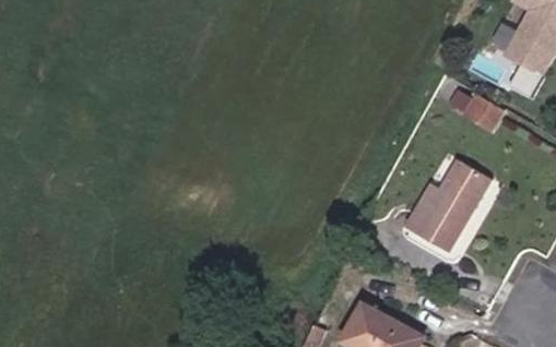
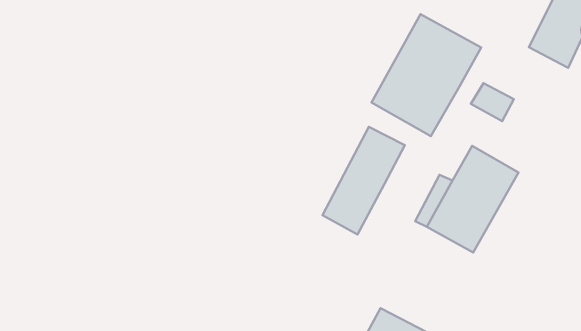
building: none -> [371,14,481,136]
building: none -> [323,127,405,234]

